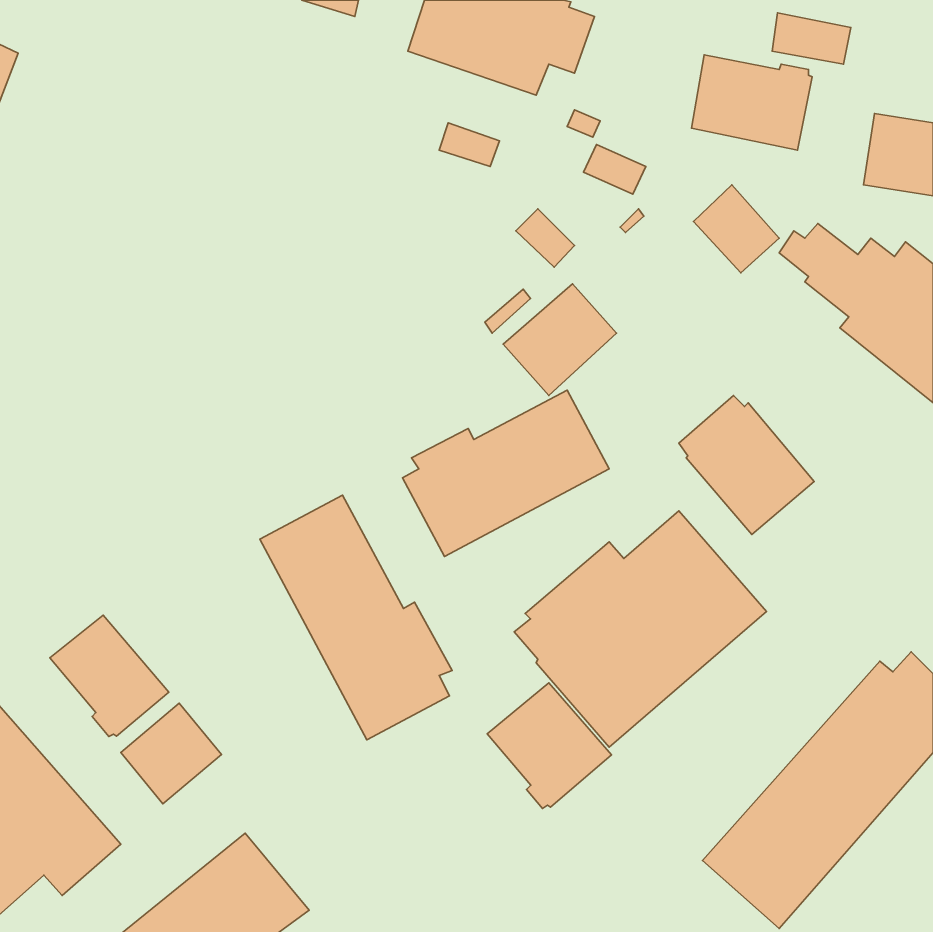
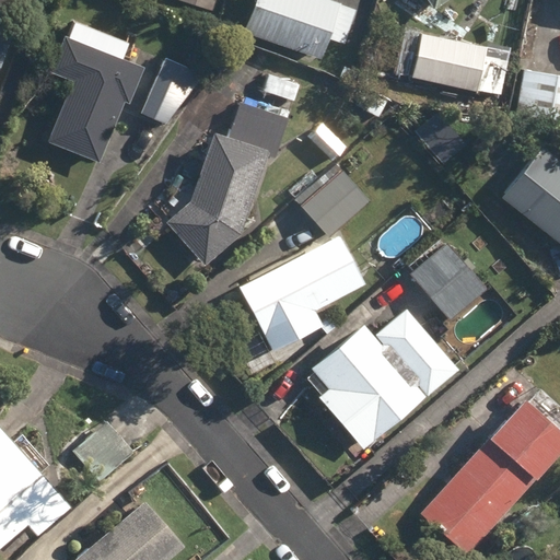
building: none -> [47,38,205,164]
building: none -> [166,104,288,267]
building: [260,495,452,740] -> none
building: [50,615,169,737] -> none
building: [487,683,611,808] -> none

